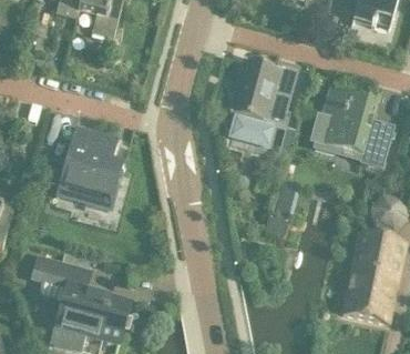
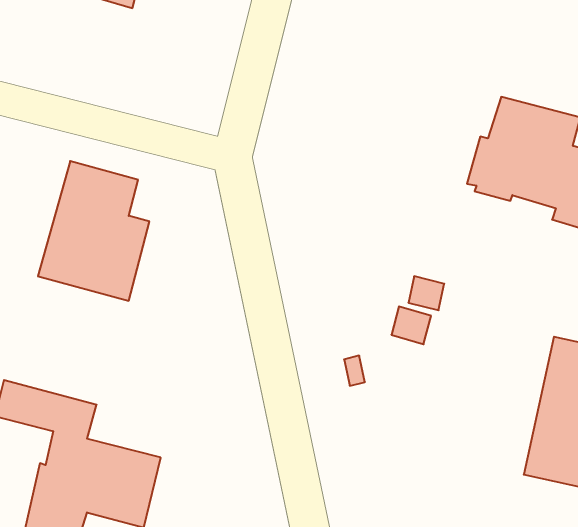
building: [227,59,298,158] -> none

